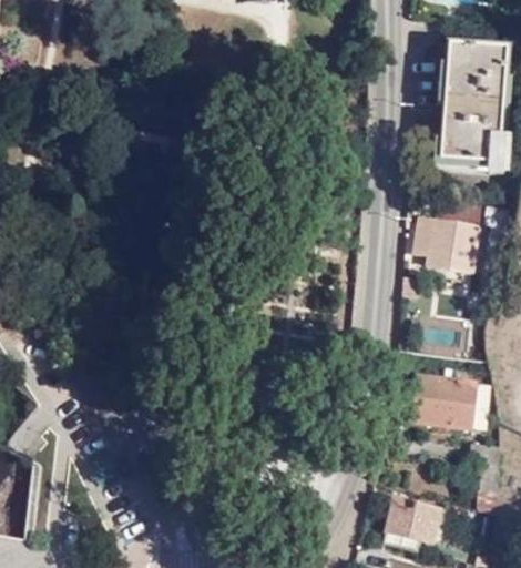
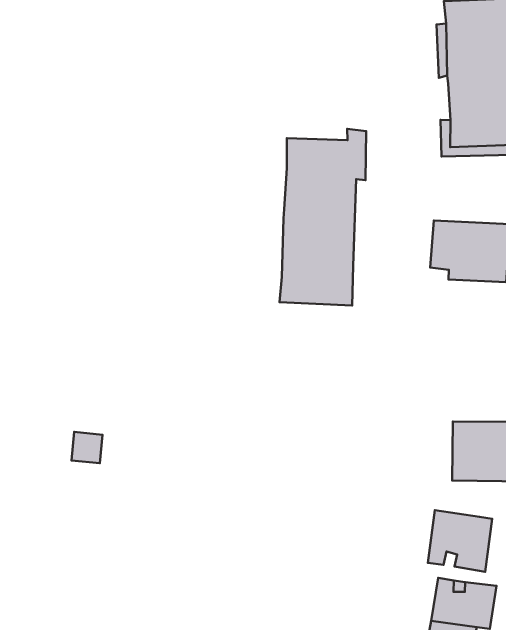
building: none -> [280,129,366,305]
building: none -> [428,510,492,572]

